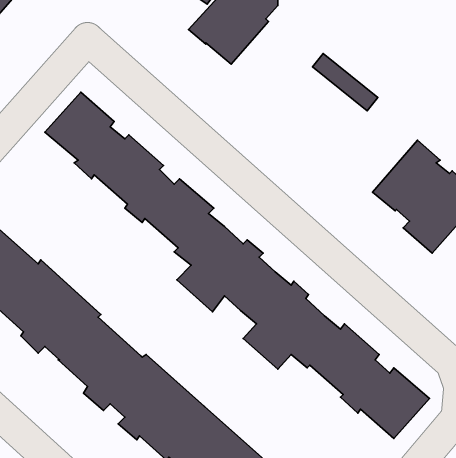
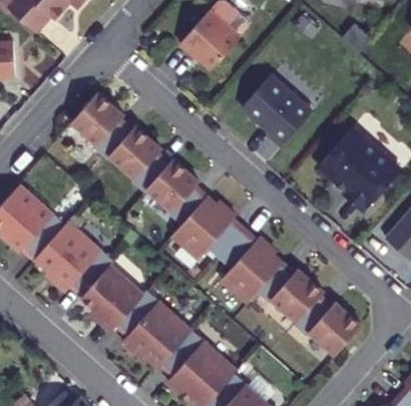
building: none -> [240,77,311,148]

